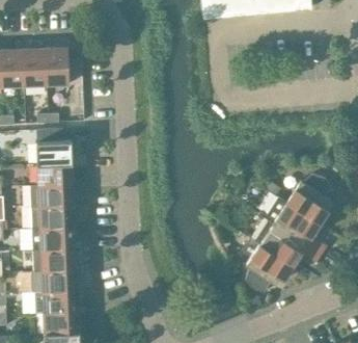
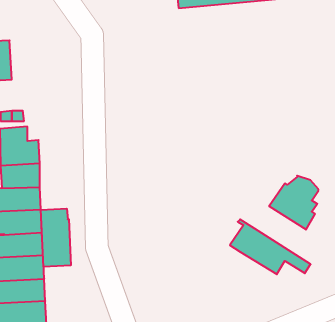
building: [46,47,70,84] -> none
building: [259,196,330,256] -> none
building: none -> [41,209,71,267]
building: [245,244,294,292] -> none

